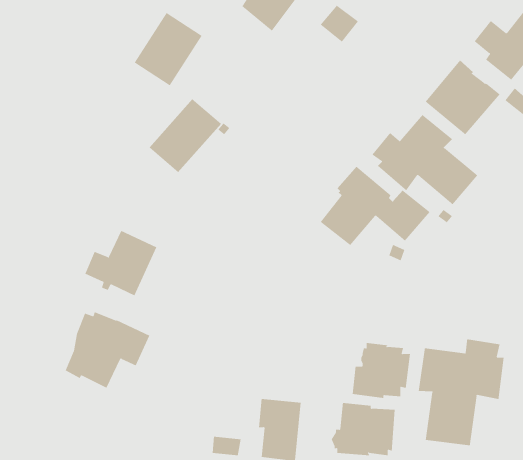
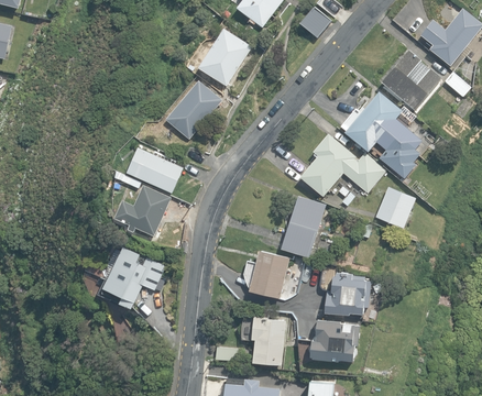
building: [134,12,202,86] -> [197,28,251,86]
building: none -> [124,147,183,193]
building: none -> [374,186,416,230]
building: none -> [280,195,325,257]
building: none -> [248,250,288,298]
building: [418,339,504,446] -> none

